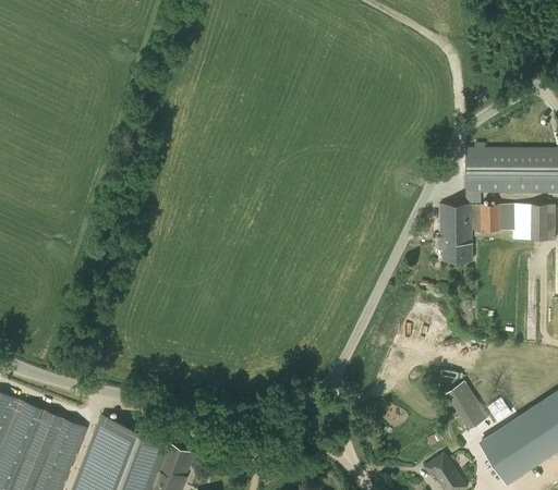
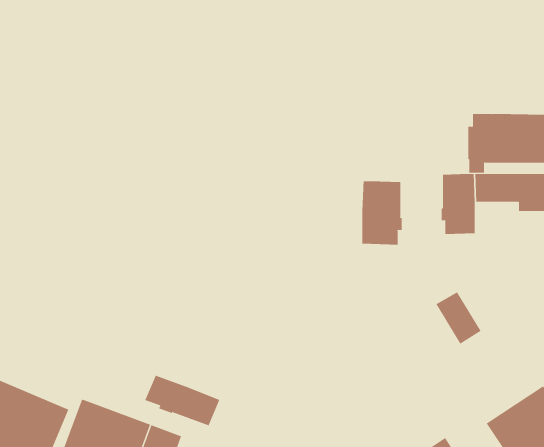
building: none -> [362,180,402,246]
building: [445,380,488,430] -> [436,292,482,345]
building: none -> [145,375,220,426]

